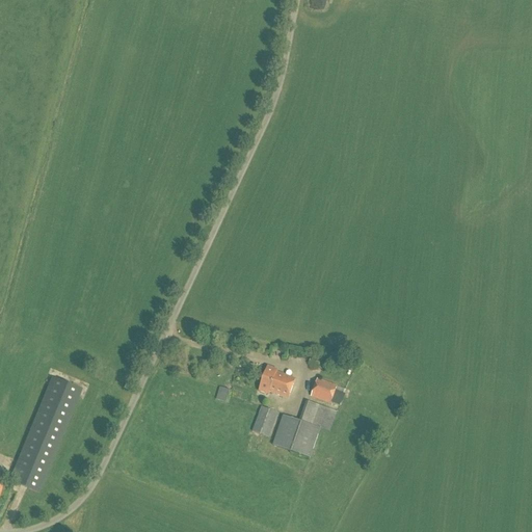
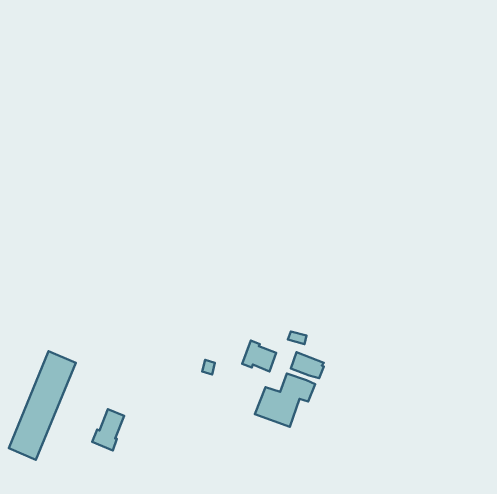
building: [251,404,278,435] -> none
building: none -> [92,409,124,450]

